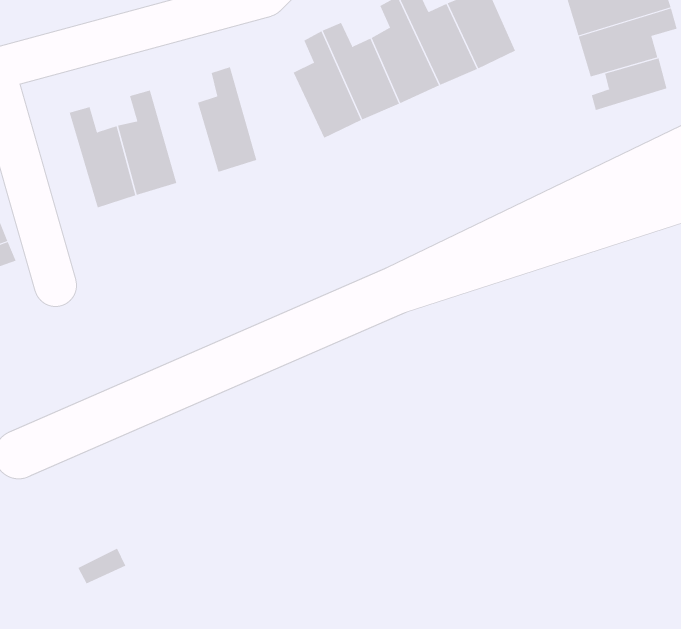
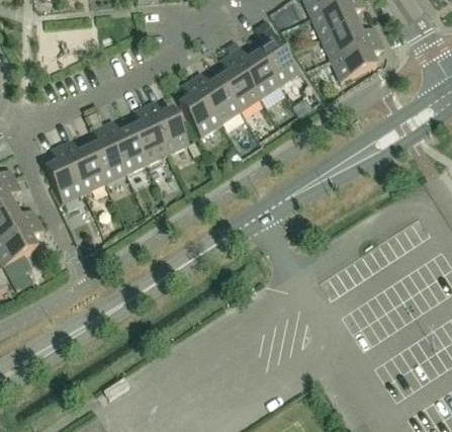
building: [591,57,667,111] -> none
building: none -> [145,100,189,154]
building: none -> [103,119,147,173]
building: none -> [46,144,84,203]

